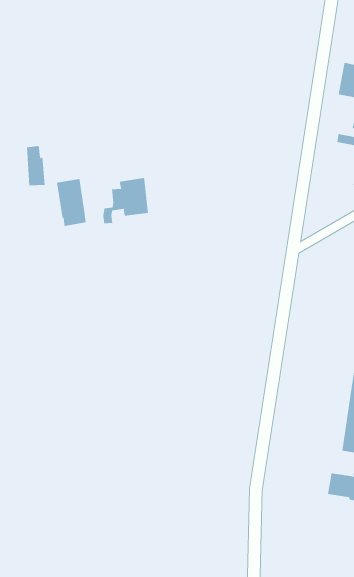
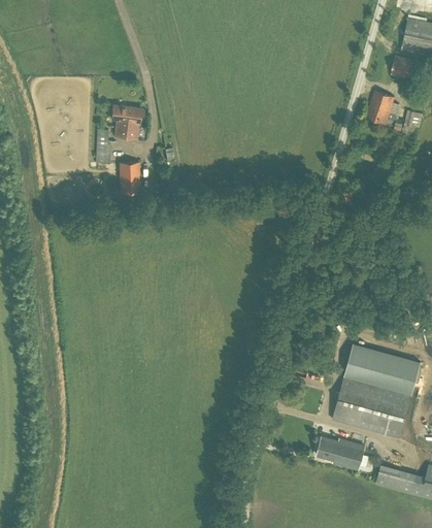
building: none -> [110,104,141,139]
building: [103,177,148,224] -> none

